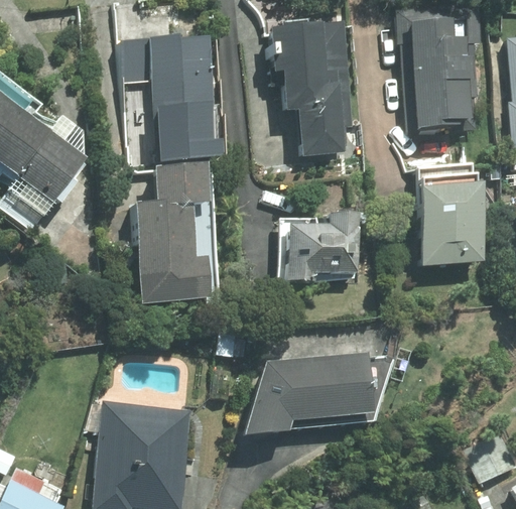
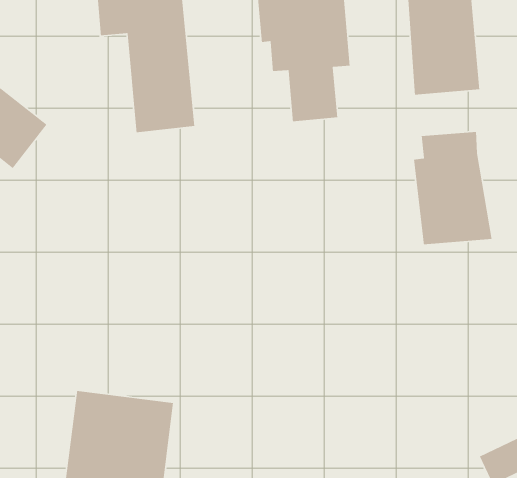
building: [135,164,214,303] -> none
building: [288,216,357,282] -> none
building: [245,353,372,434] -> none

